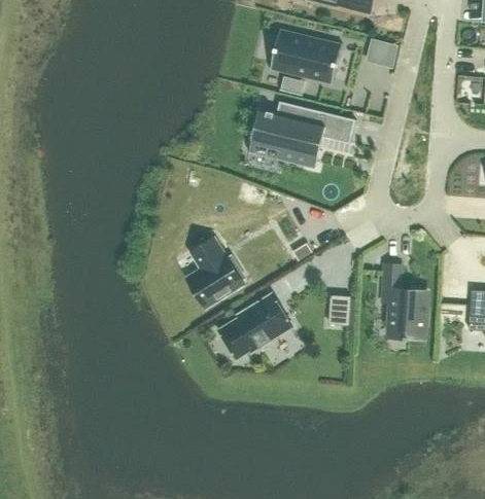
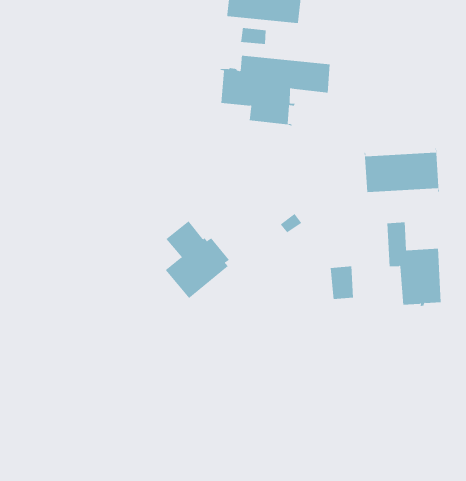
building: none -> [364,147,439,197]
building: [219,293,292,357] -> none

